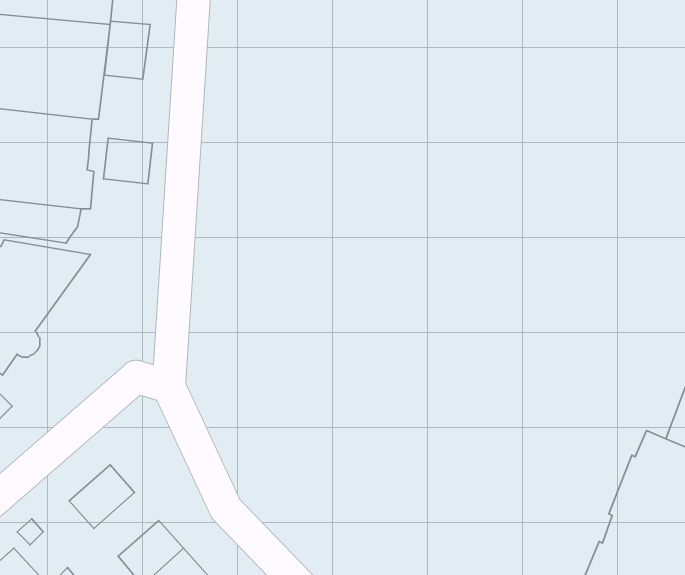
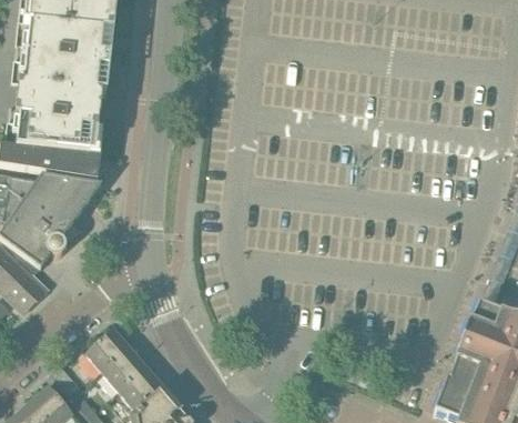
building: [105,21,150,79] -> none
building: [103,138,153,184] -> none
building: none -> [101,349,145,392]

